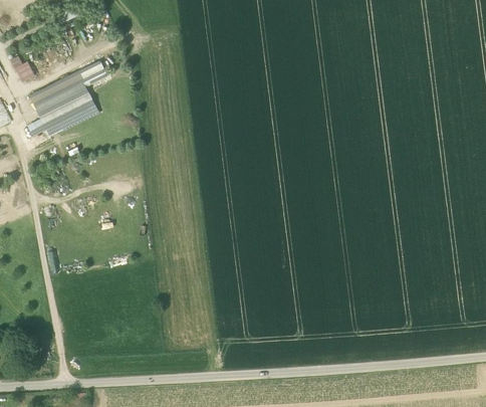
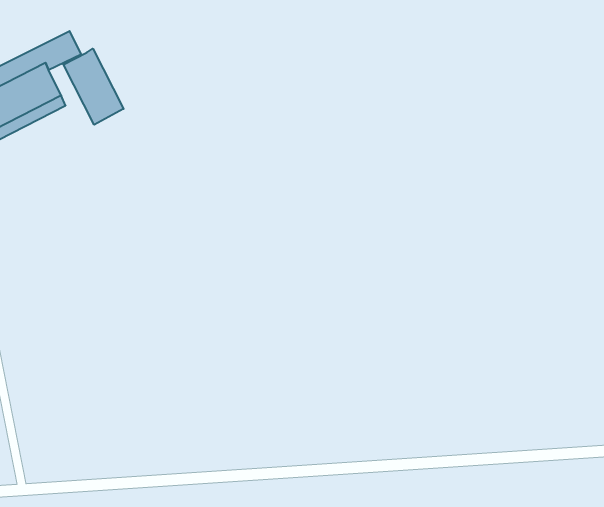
building: none -> [63,49,124,125]

